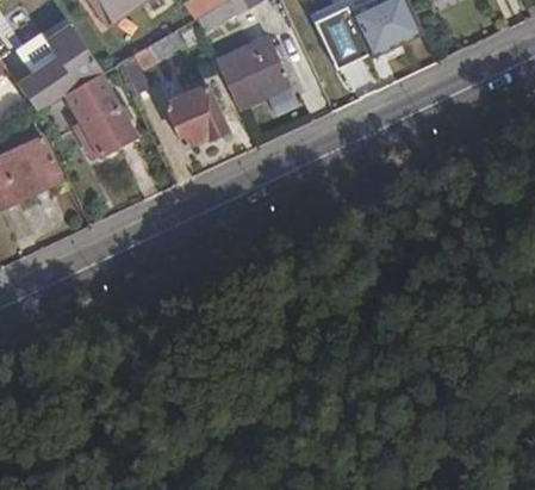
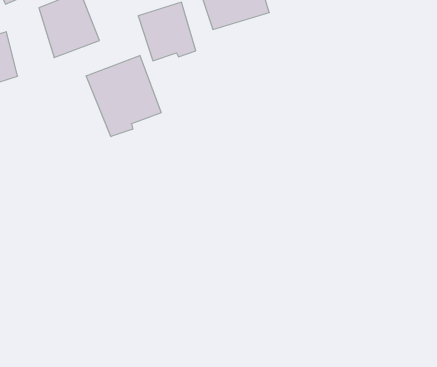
building: none -> [86,55,161,137]

